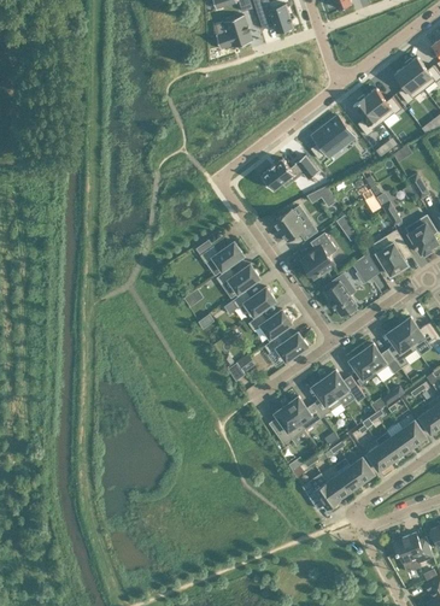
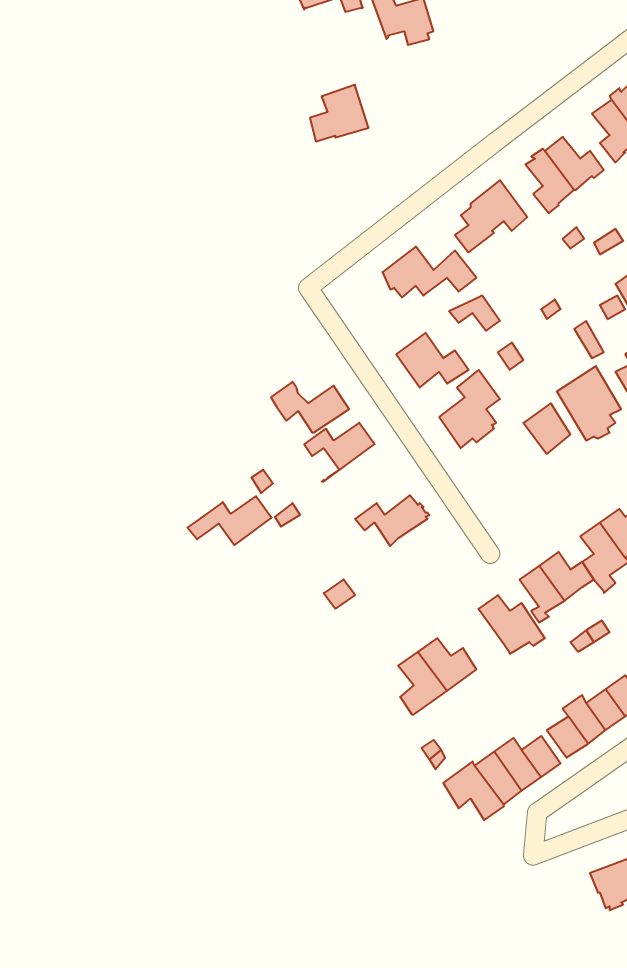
building: [216,14,252,49] -> [310,85,369,141]
building: [323,273,357,316] -> none
building: [223,287,275,317] -> [187,496,272,545]
building: [264,331,307,360] -> none
building: [311,378,341,416] -> none

